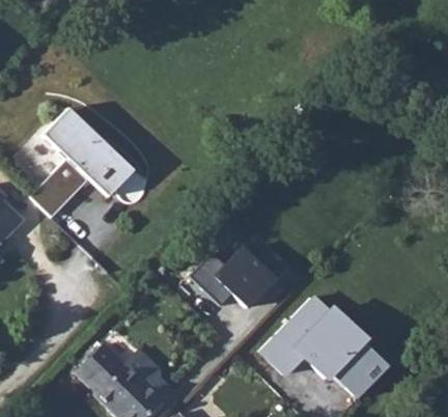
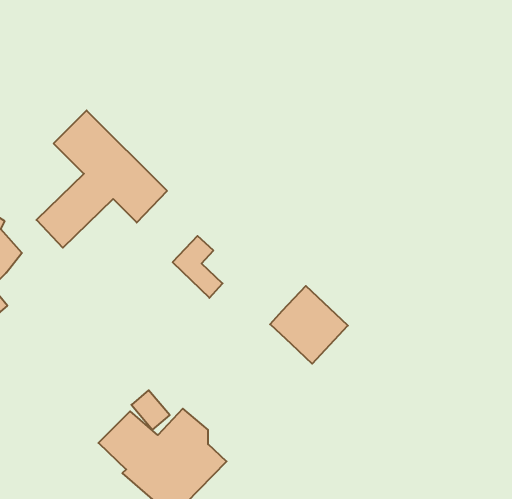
building: [191,255,230,304] -> [173,236,223,298]
building: [258,296,387,397] -> none

